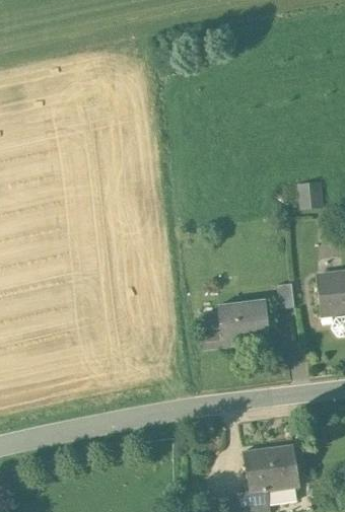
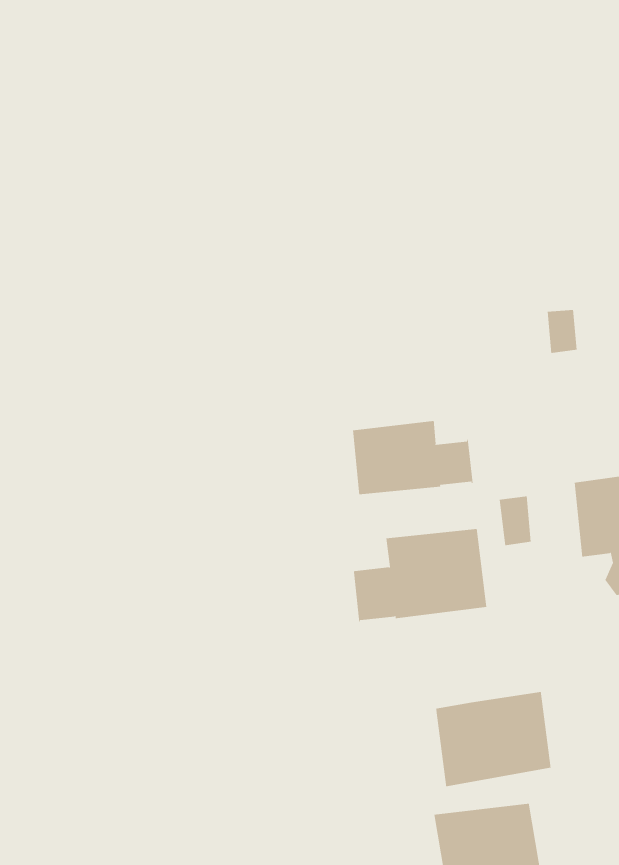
building: none -> [352,420,473,495]
building: none -> [435,691,551,787]

